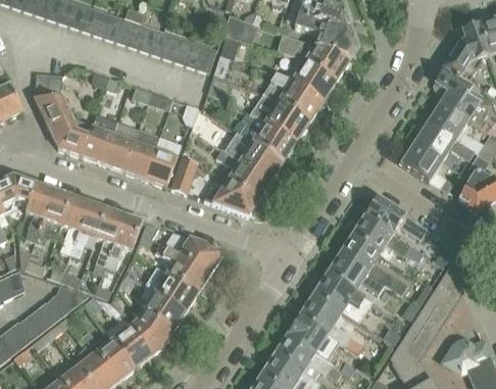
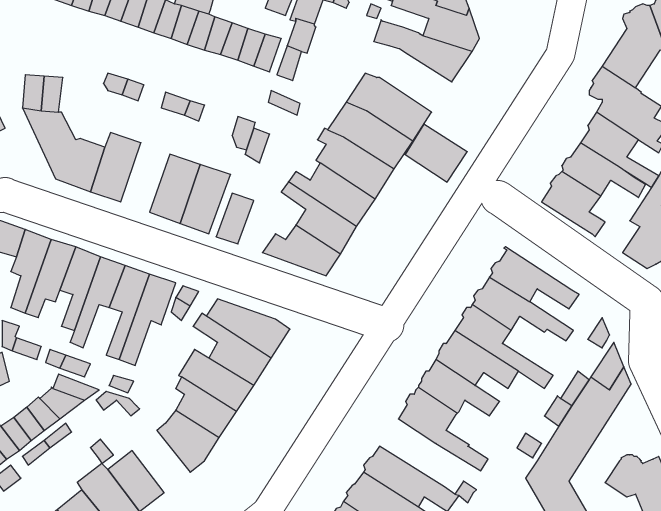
building: [293,59,337,100] -> [405,124,467,182]
building: [103,121,138,171] -> none
building: [286,317,338,364] -> none
building: [111,325,152,369] -> none

